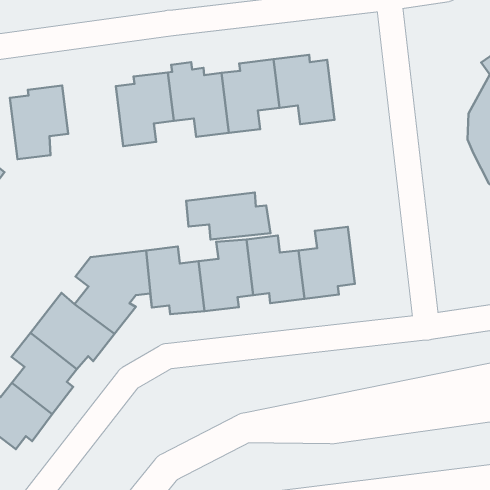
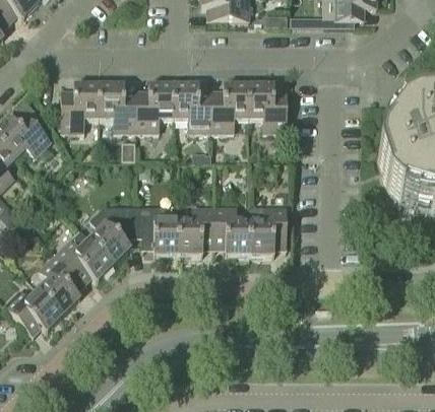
building: none -> [98,84,135,132]
building: [186,192,270,240] -> none

